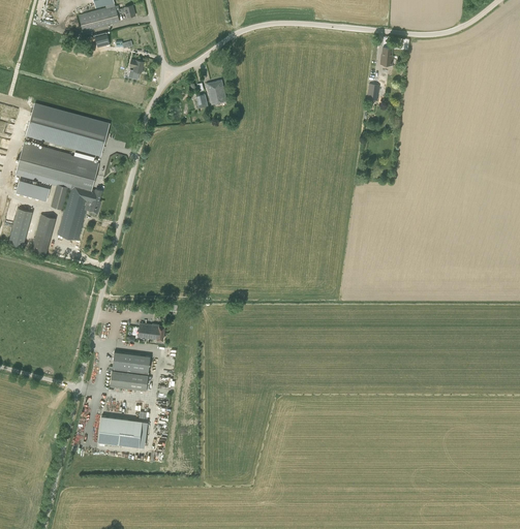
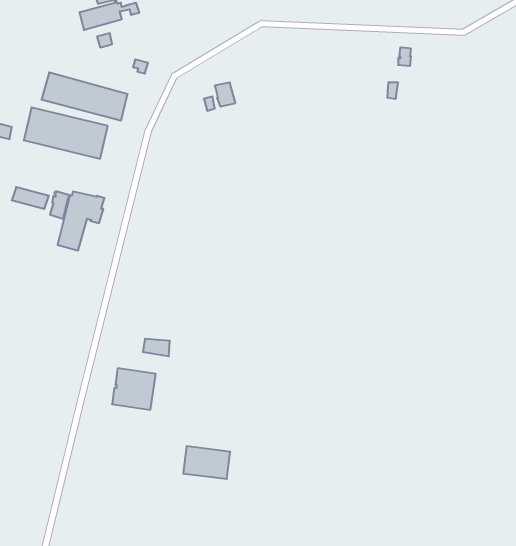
building: [17,143,98,188] -> [41,72,128,120]
building: [8,208,32,247] -> none
building: [32,214,56,253] -> none
building: [98,415,143,446] -> [183,446,230,479]

